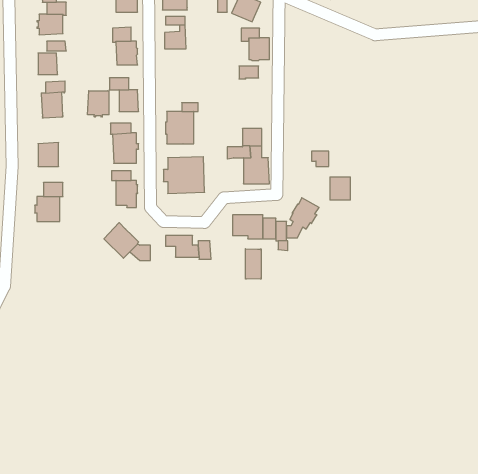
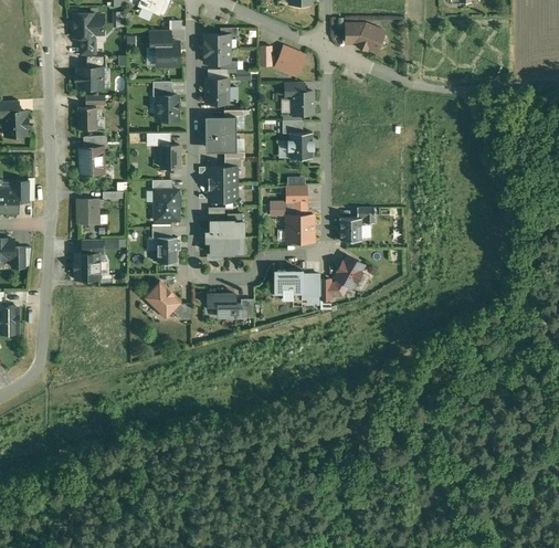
building: none -> [210,117,241,151]
building: none -> [287,134,313,159]
building: [88,91,109,117] -> none
building: [330,177,350,200] -> [339,219,360,242]
building: [245,249,261,279] -> none

